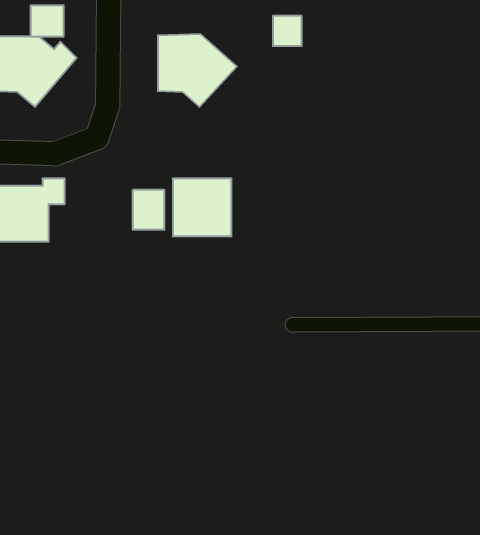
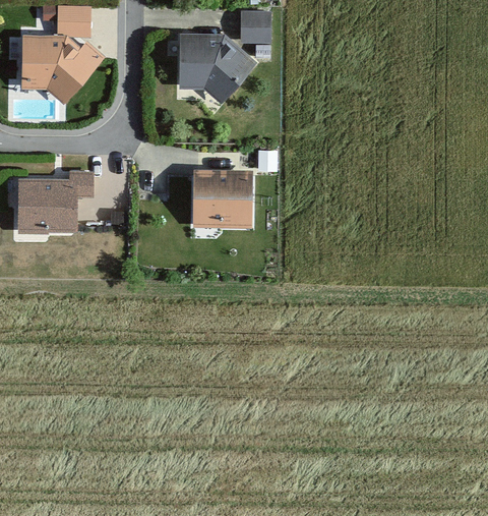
building: [273,16,302,46] -> [242,13,269,42]
building: [133,190,164,230] -> none

